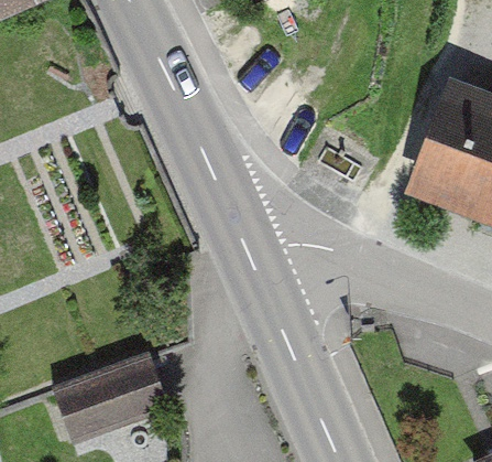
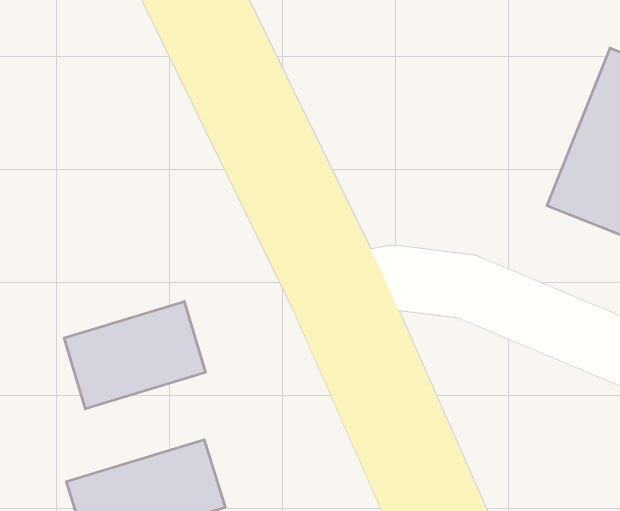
building: none -> [64,301,205,409]

